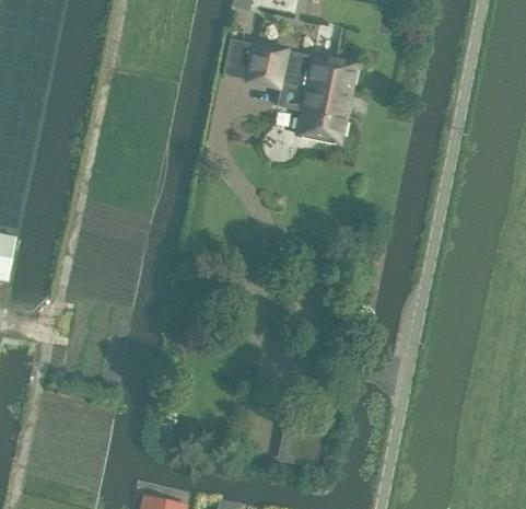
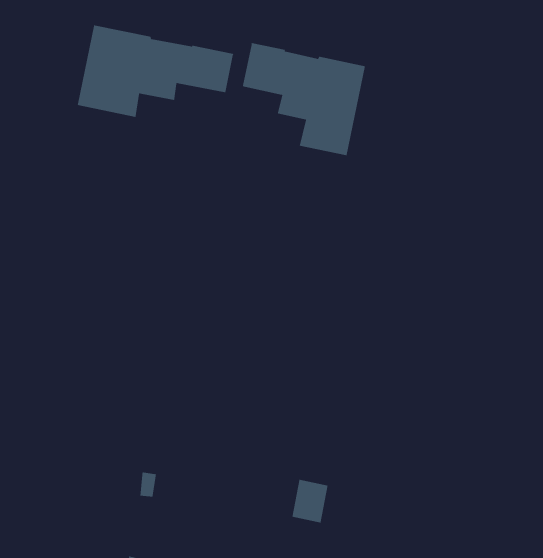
building: none -> [77,24,235,118]

